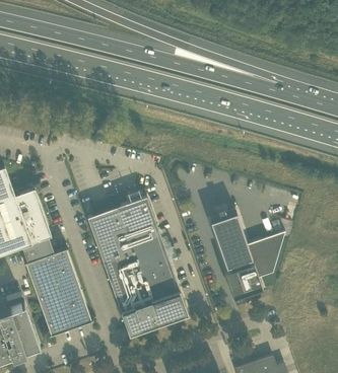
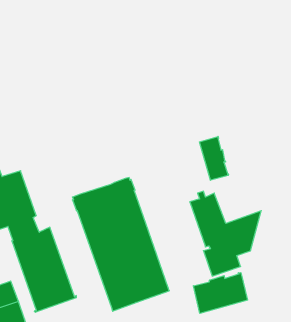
building: none -> [200,136,228,180]
building: none -> [193,273,247,313]

